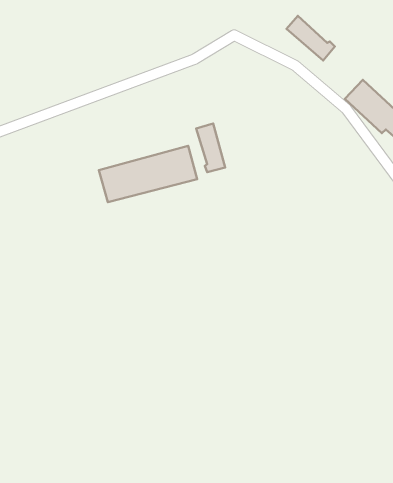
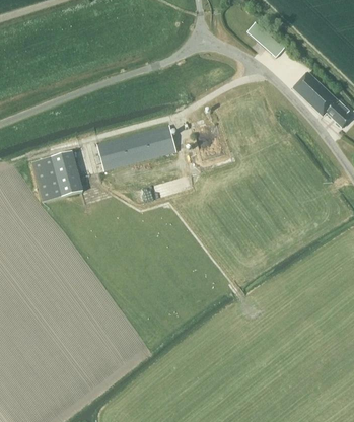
building: [196,123,225,172] -> none
building: none -> [31,150,82,201]

